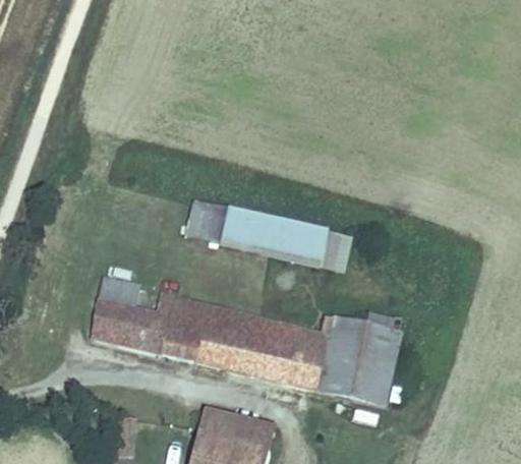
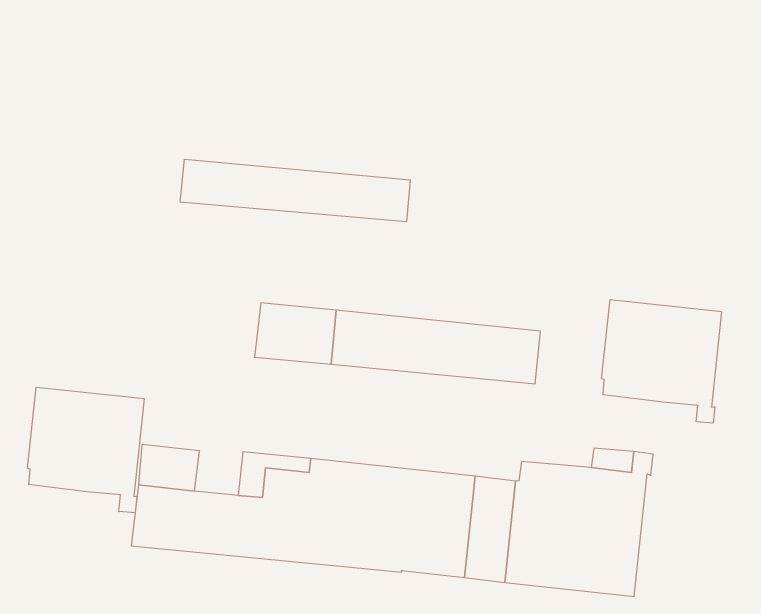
building: none -> [180,159,410,222]
building: none -> [601,300,722,423]
building: none -> [27,387,144,513]

